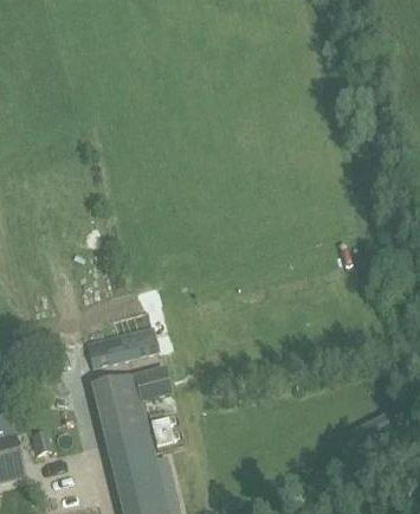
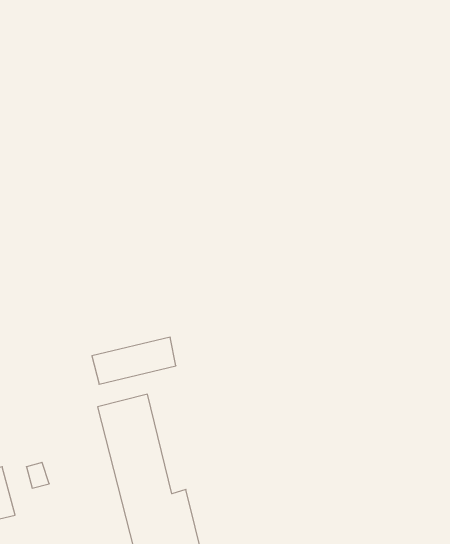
building: [134,365,173,400] -> none

